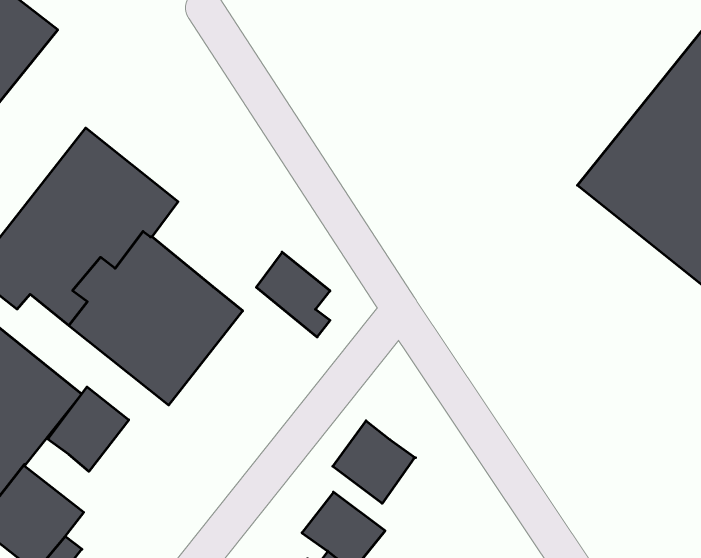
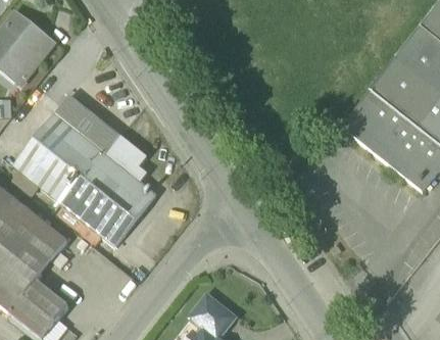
building: [256,252,330,337] -> [106,135,147,182]
building: [47,387,129,471] -> none
building: [333,421,416,503] -> none

